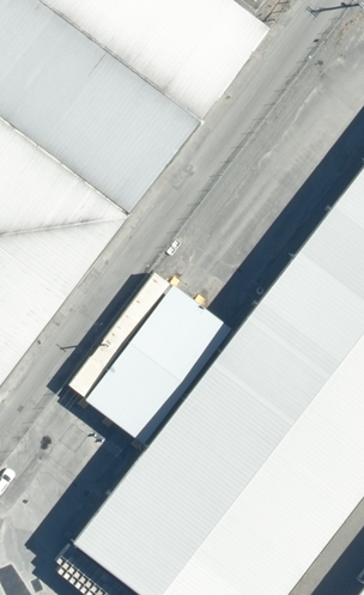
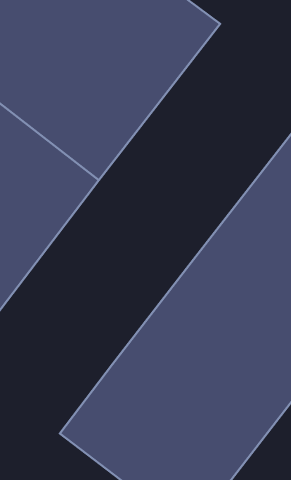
building: [71,275,232,448] -> none

